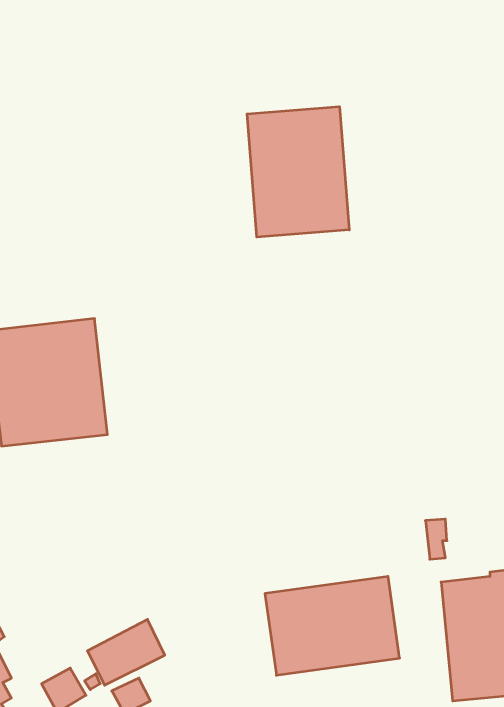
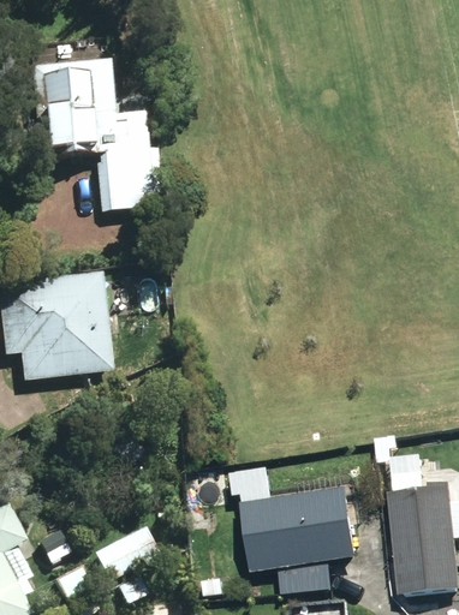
building: none -> [34,66,156,216]
building: [247,107,349,237] -> none

